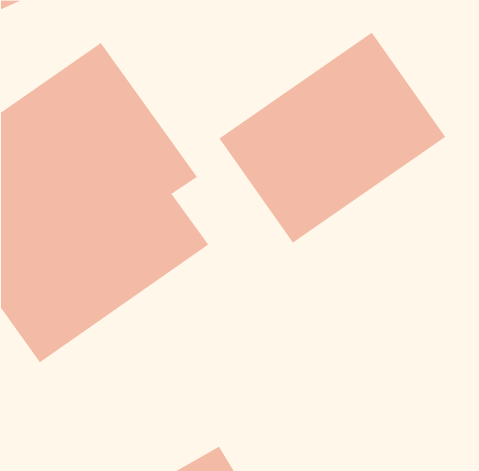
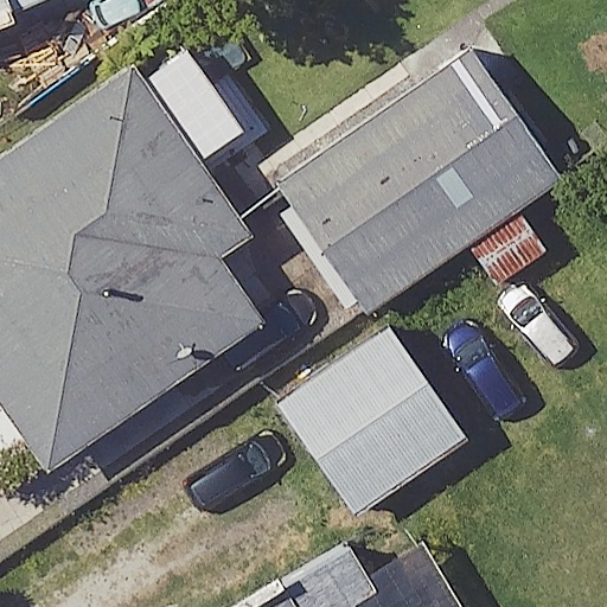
building: none -> [276,326,469,518]

